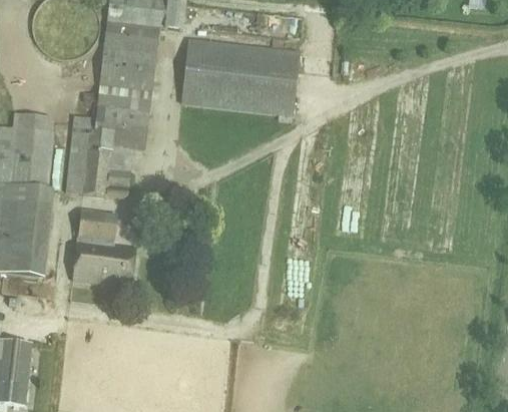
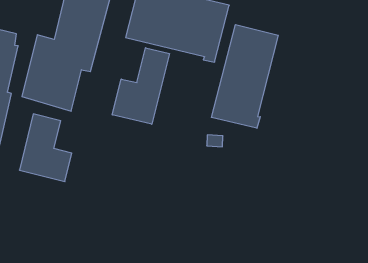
building: none -> [211,25,278,128]
building: none -> [112,48,169,124]

